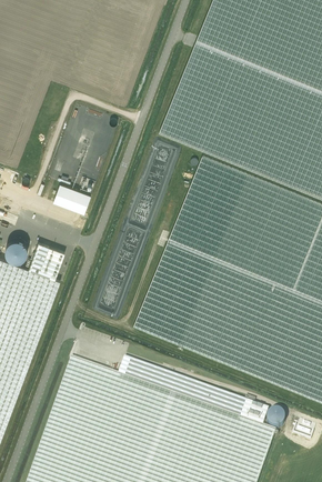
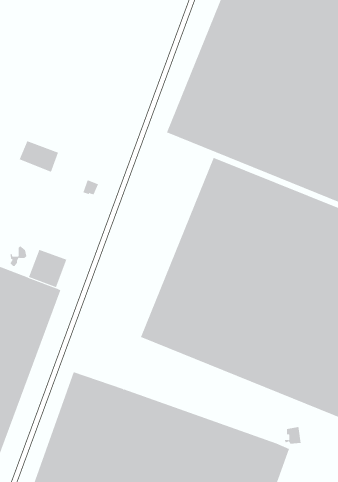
building: [52,183,90,213] -> [19,141,59,172]
building: [119,358,269,425] -> none

